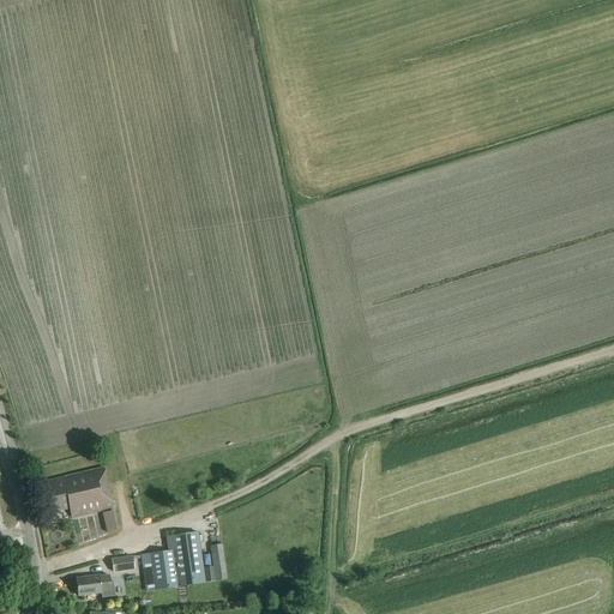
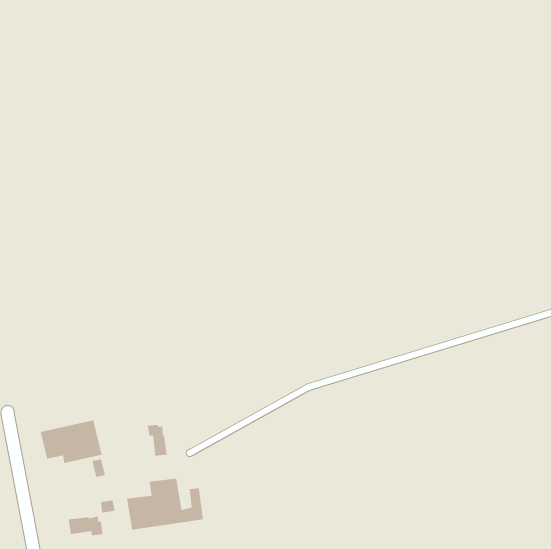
building: none -> [147,424,168,457]

